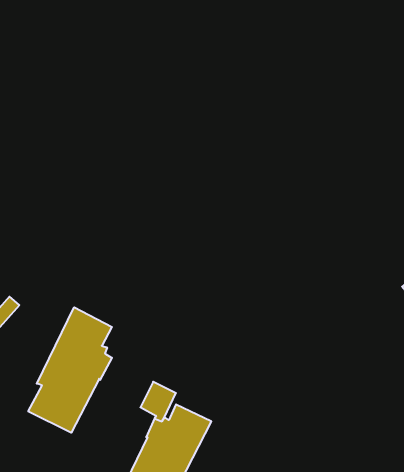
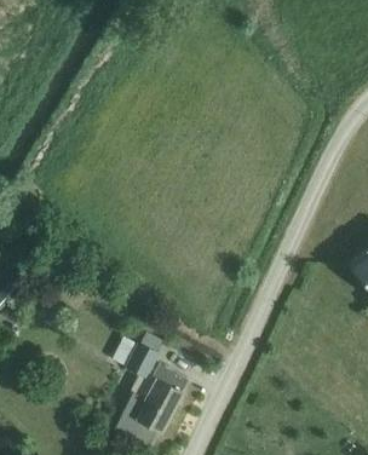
building: [28,307,112,433] -> none

